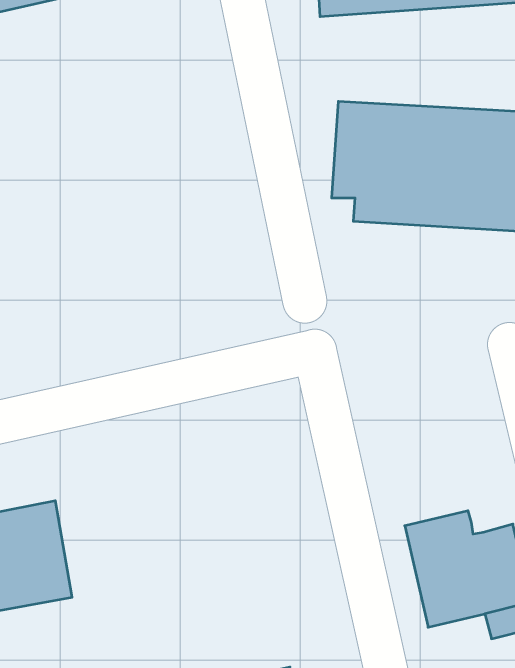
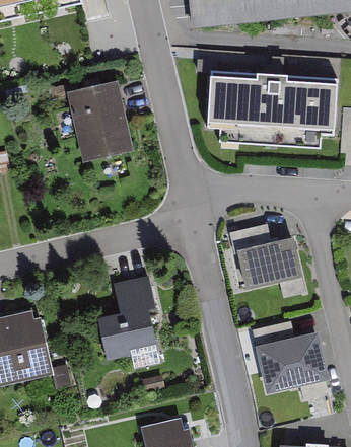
building: none -> [76,80,131,150]
building: none -> [229,225,304,297]
building: none -> [103,278,158,355]

